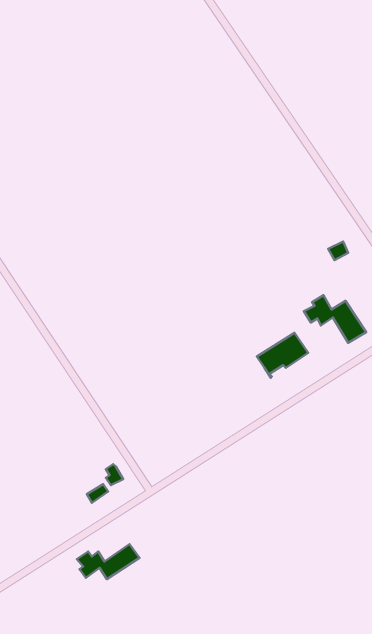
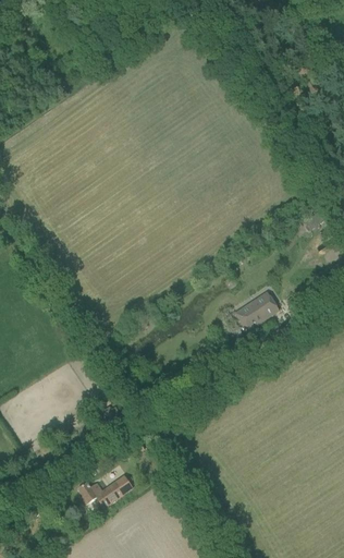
building: [304,295,366,343] -> none

